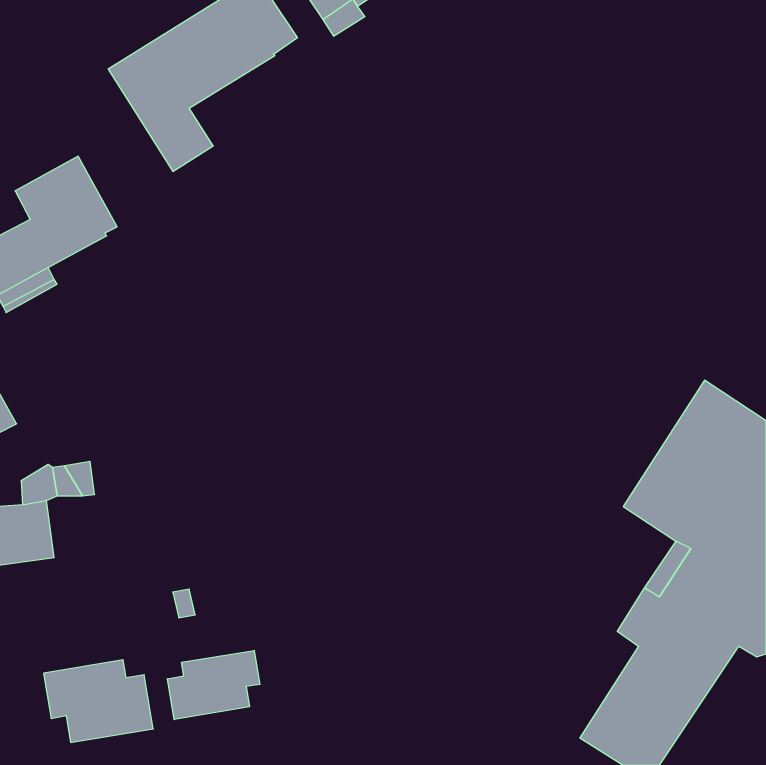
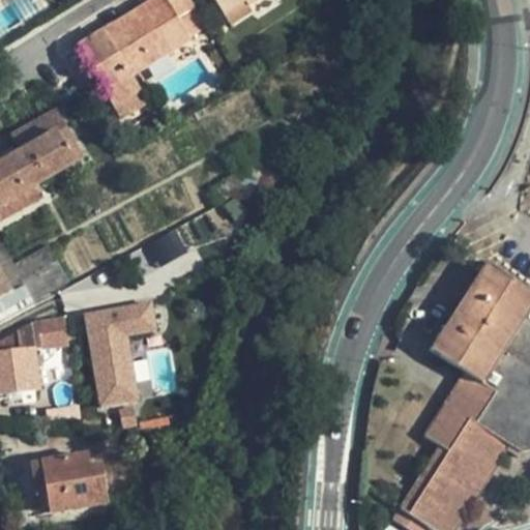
building: none -> [85,301,154,406]
building: [167,650,260,720] -> none

